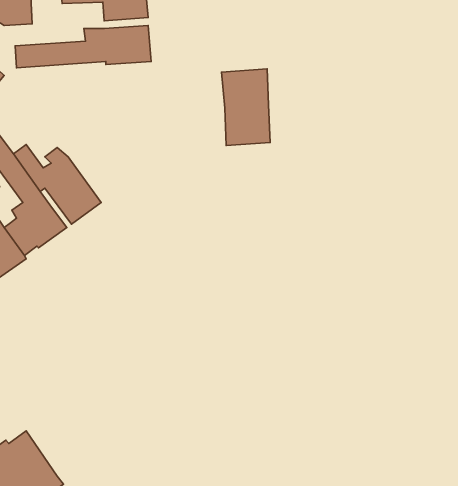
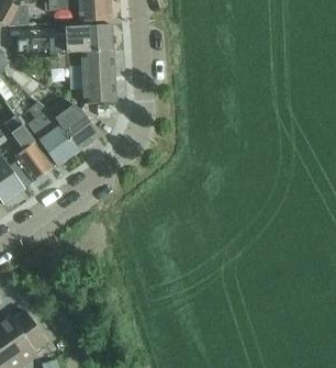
building: [222,69,270,146] -> [81,52,115,105]
building: none -> [47,99,99,150]

